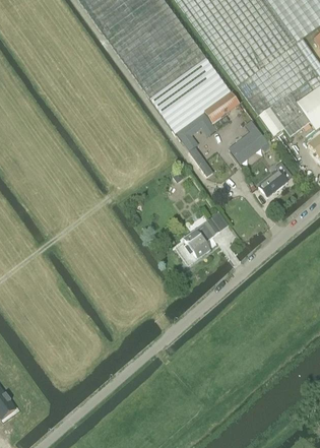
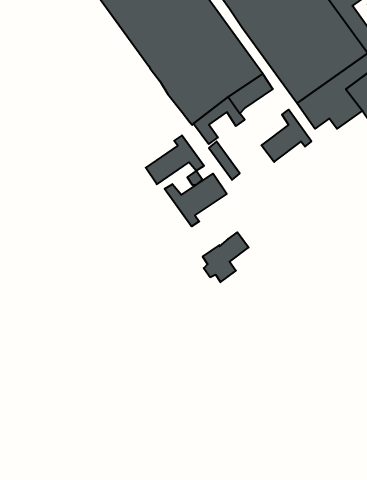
building: none -> [146,135,204,184]
building: [258,161,291,195] -> none
building: none -> [165,174,227,226]

